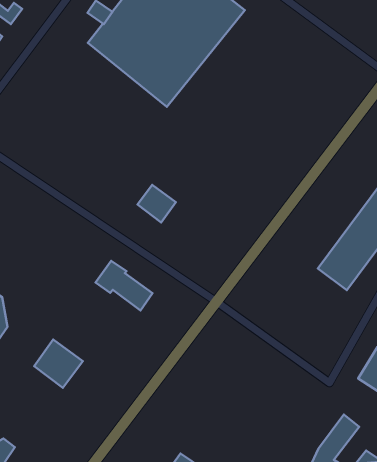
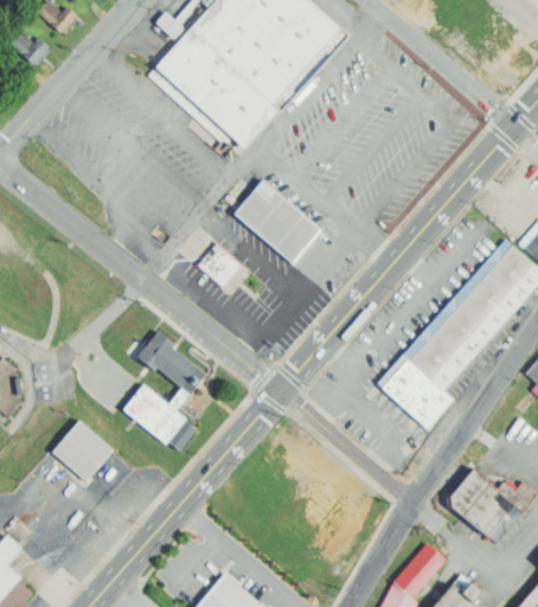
building: none -> [235,180,320,264]
building: none -> [382,359,453,429]
building: none -> [123,386,196,451]

